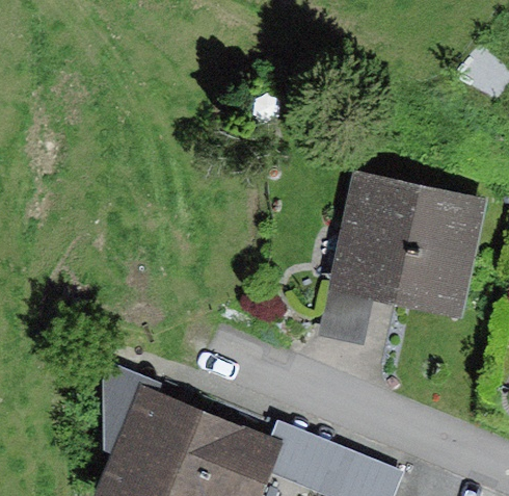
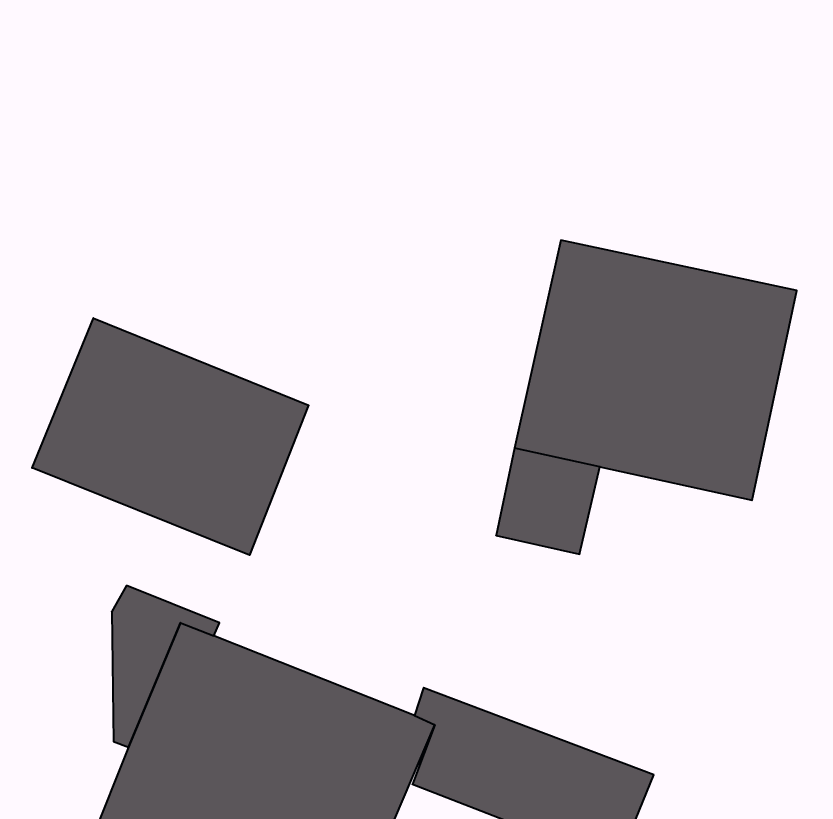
building: none -> [32,318,309,555]

